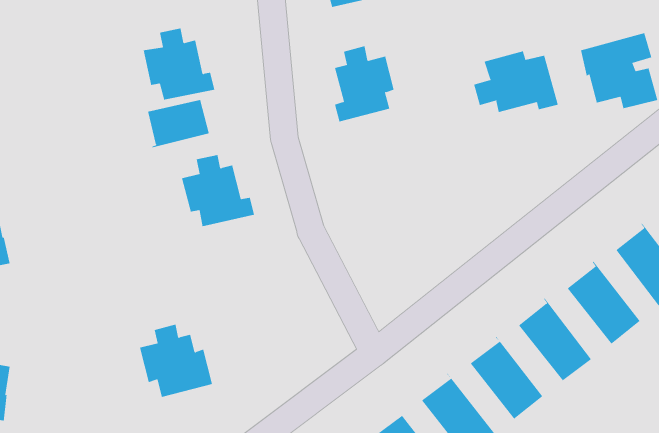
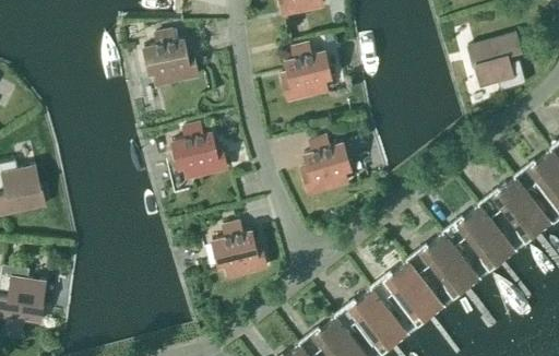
building: [474,51,559,113] -> none
building: [148,99,209,148] -> none
building: none -> [305,138,349,194]
building: [139,324,213,398] -> [213,224,267,278]

